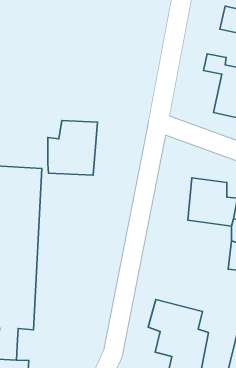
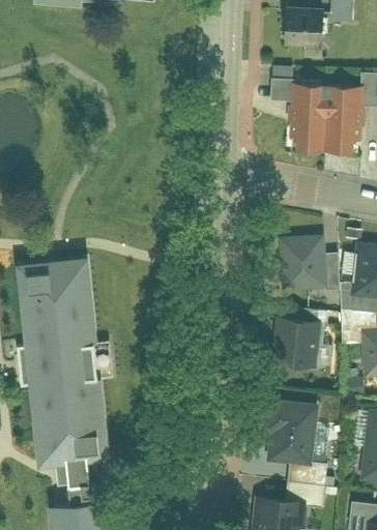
building: [48,120,97,175] -> none
building: none -> [272,307,326,367]

